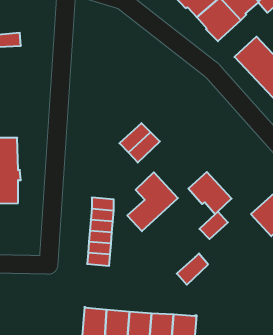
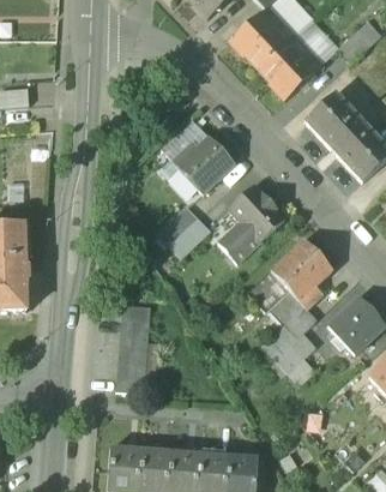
building: none -> [171,136,235,193]
building: none -> [271,236,332,305]
building: [127,172,178,231] -> [218,185,284,262]
building: [177,253,208,285] -> [275,329,315,370]

